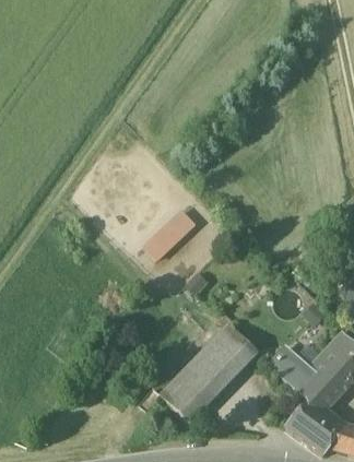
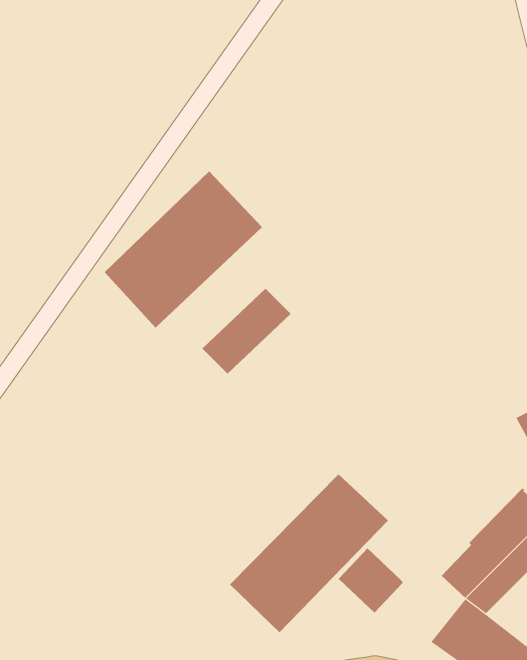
building: none -> [104,170,263,329]
building: [270,345,311,387] -> [338,548,404,614]

